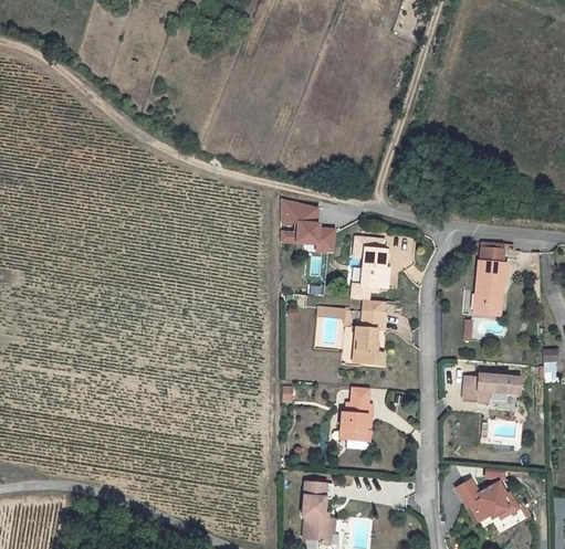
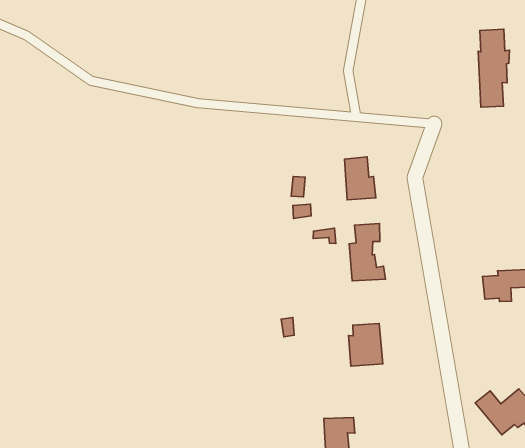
building: [280,202,336,254] -> none
building: [471,249,505,321] -> [478,29,509,107]

